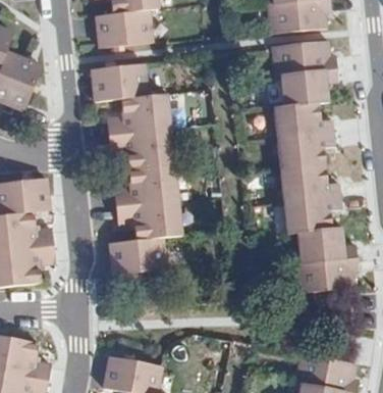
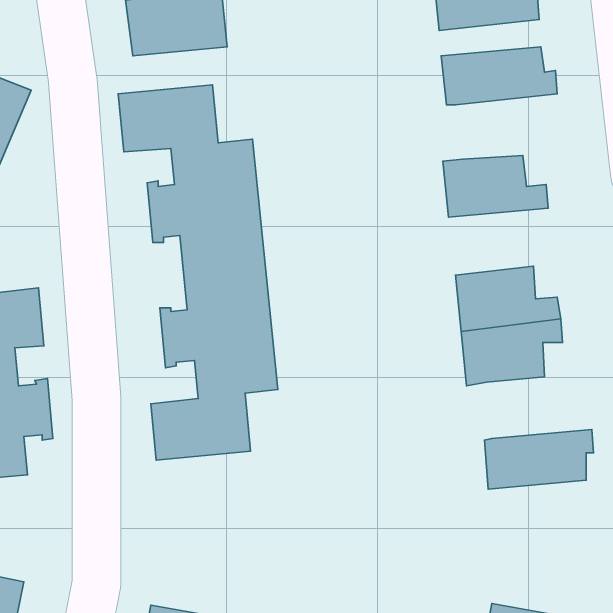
building: [281,68,339,105] -> none
building: [277,133,335,170] -> none
building: [298,227,358,262] -> none

